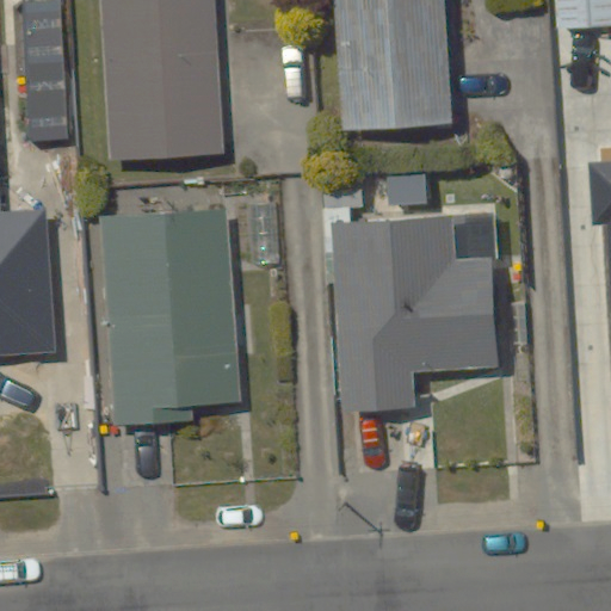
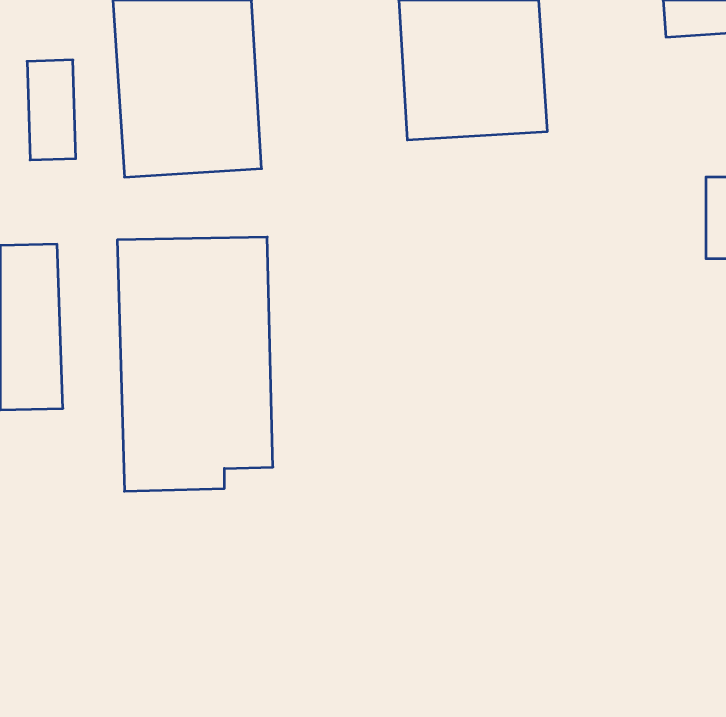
building: [331,211,504,409] -> none

